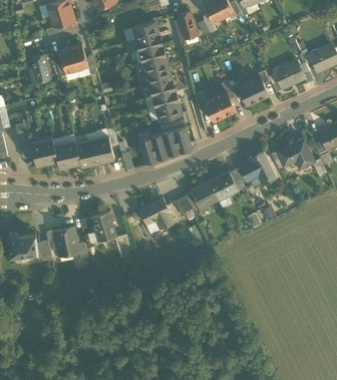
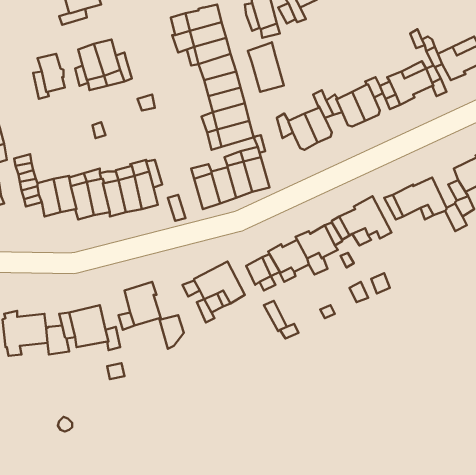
building: none -> [248,42,284,92]

